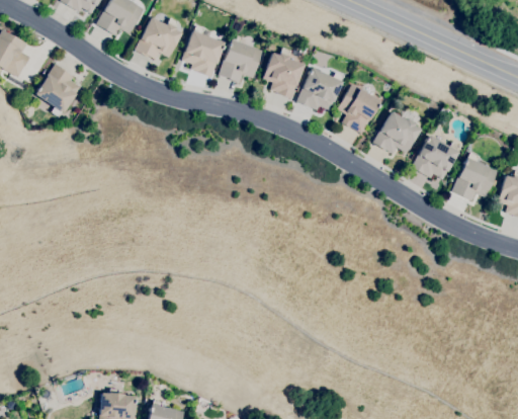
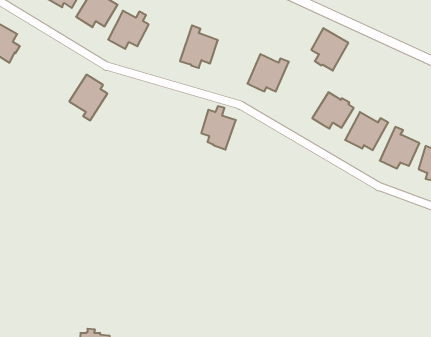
building: [182,25,225,77] -> none
building: [264,48,305,98] -> [201,106,236,150]
building: [35,64,80,117] -> [69,75,107,120]
building: [338,84,381,134] -> [311,28,348,71]

